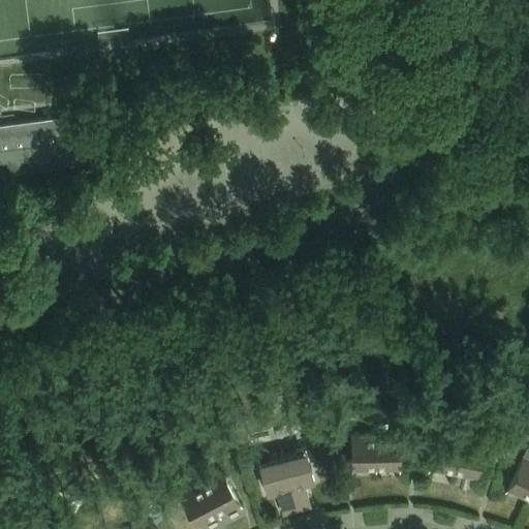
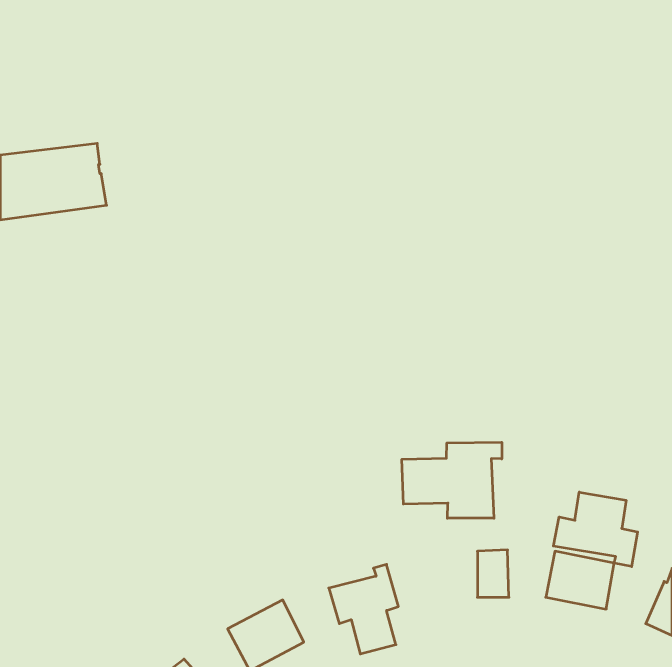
building: none -> [402,442,502,518]
building: none -> [553,492,638,567]
building: [350,437,375,474] -> none

